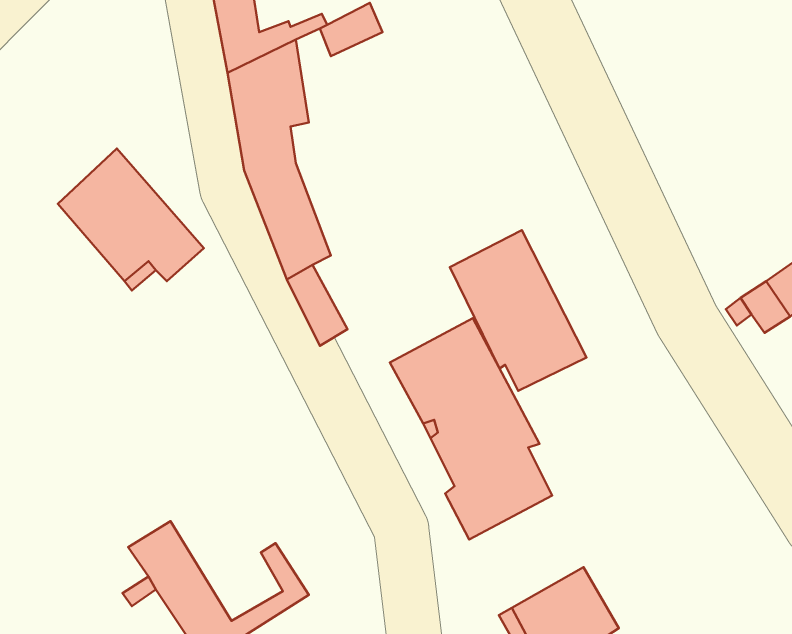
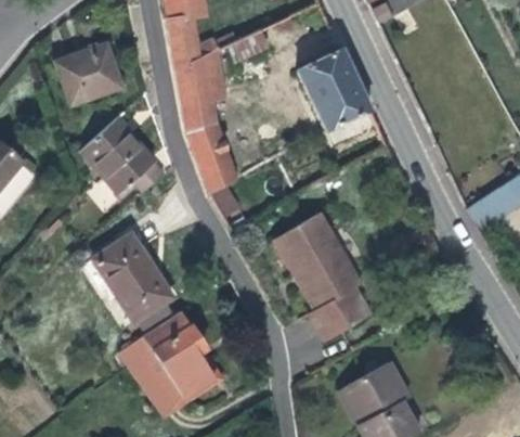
building: none -> [62,36,130,100]
building: [450,230,586,391] -> [298,50,378,144]
building: none -> [101,233,177,319]
building: none -> [144,310,210,393]

